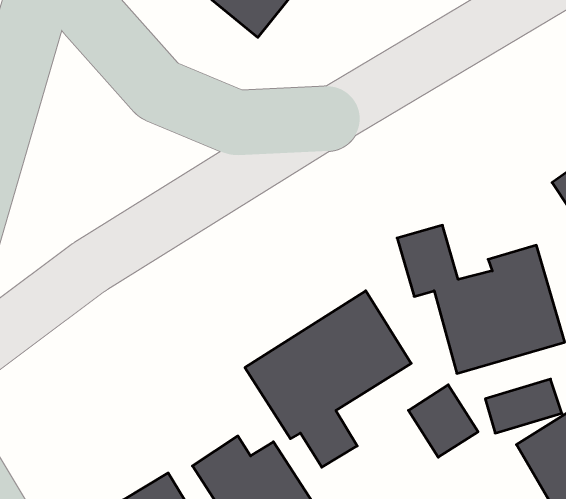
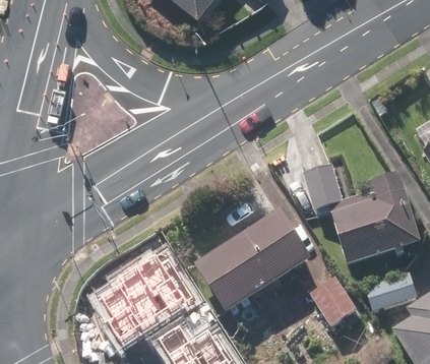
building: none -> [93,247,198,344]

